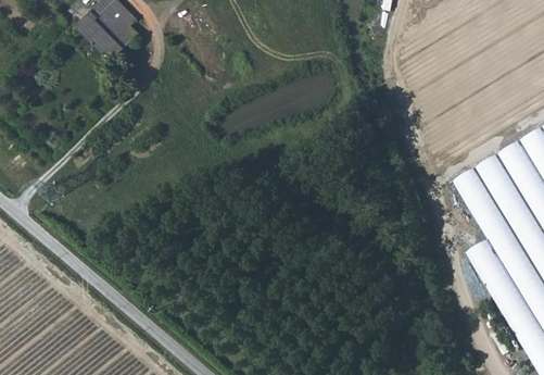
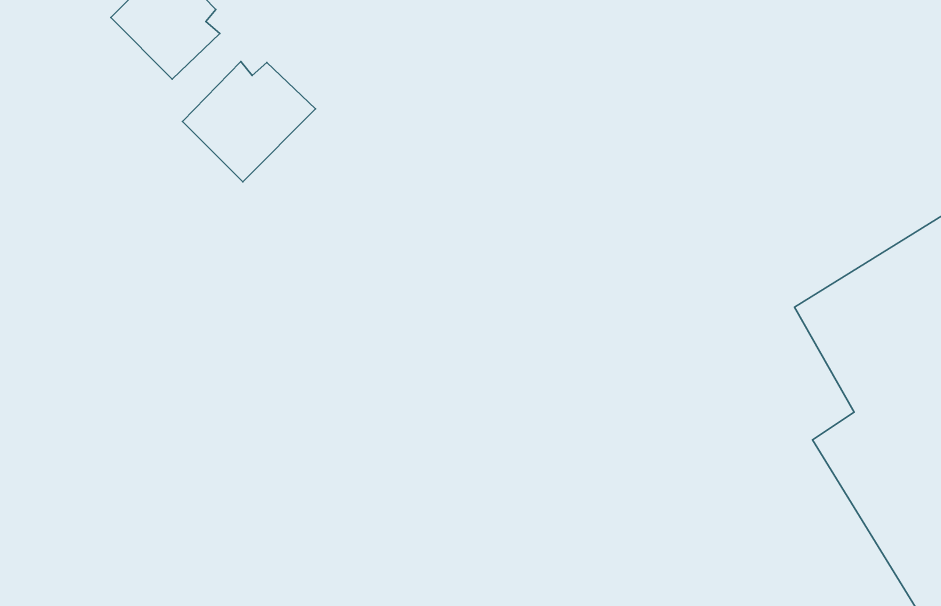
building: none -> [183,62,316,182]

